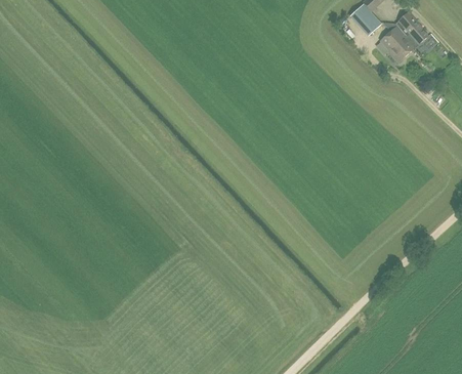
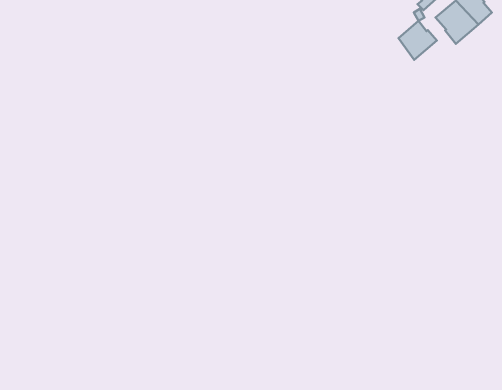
building: none -> [399,21,437,60]

